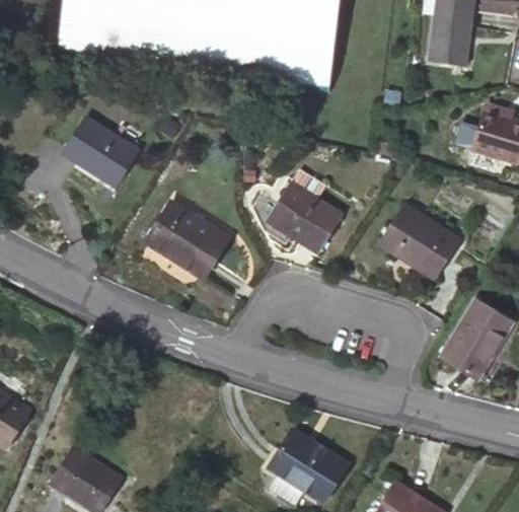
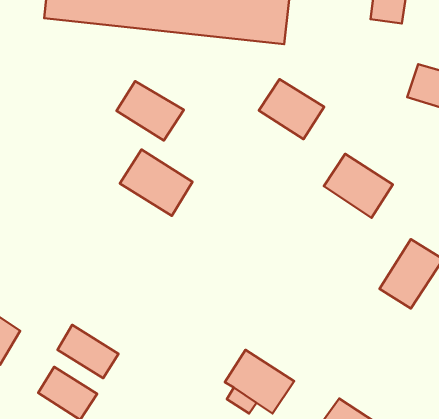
building: [62,117,138,184] -> [116,81,184,140]
building: [265,187,339,254] -> [259,79,324,139]
building: none -> [57,325,118,378]

